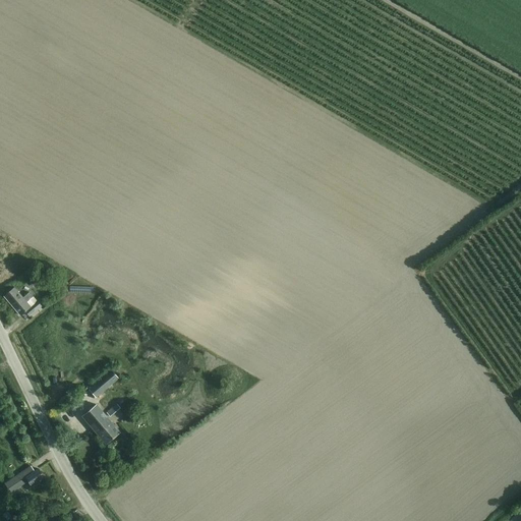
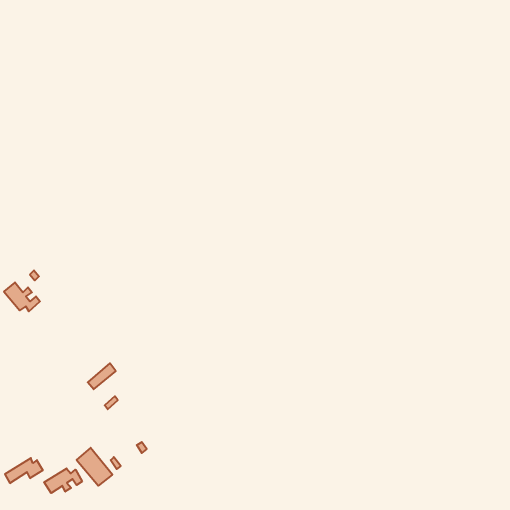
building: [82,405,119,444] -> [77,448,112,486]
building: none -> [44,468,82,493]

